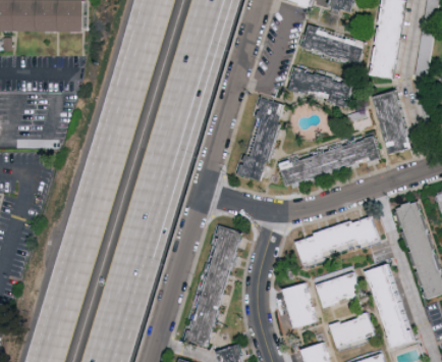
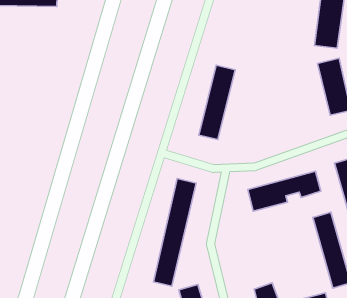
building: [300,29,366,62] -> none
building: [288,68,352,105] -> none
building: [278,138,381,185] -> none
building: [317,272,362,307] -> none
building: [284,283,317,328] -> none
building: [331,314,375,347] -> none

